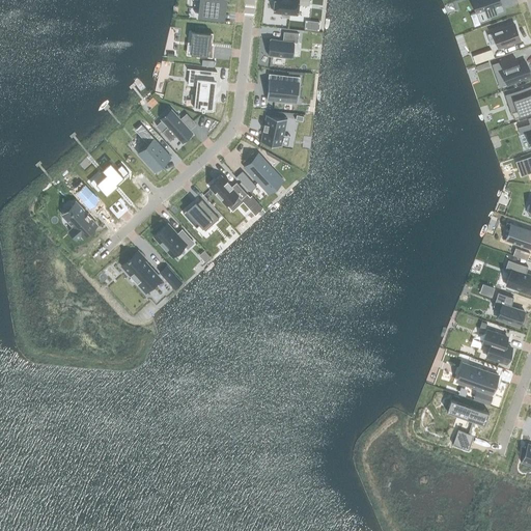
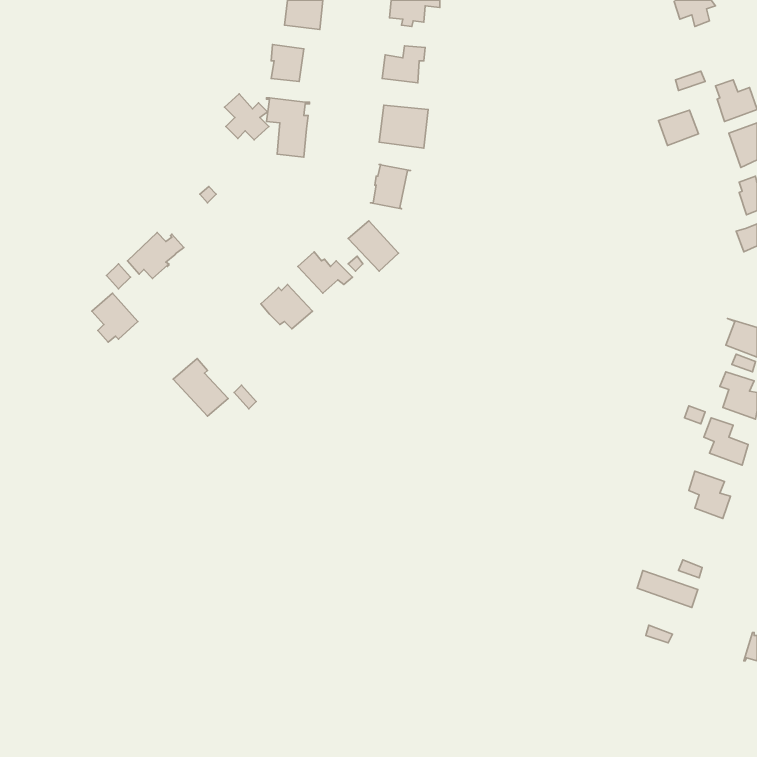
building: [492,24,520,49] -> [658,110,698,146]
building: [161,110,192,142] -> [224,94,269,140]
building: [137,139,171,172] -> none
building: [155,224,194,256] -> none
building: [460,365,498,393] -> none

